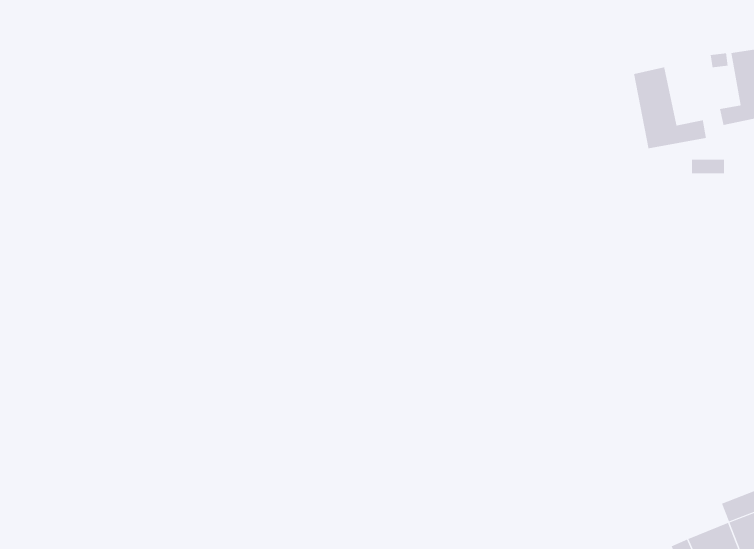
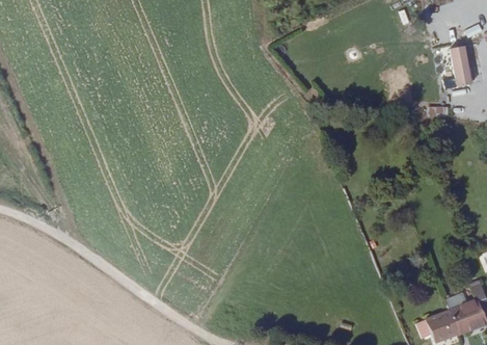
building: [634,66,706,149] -> none

